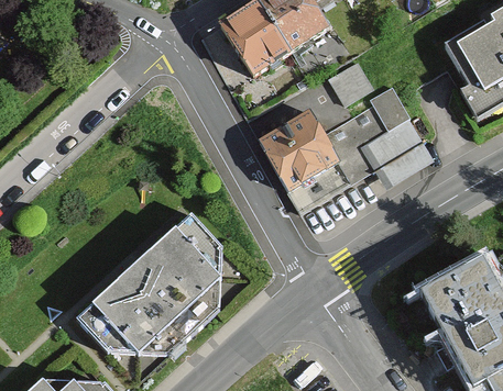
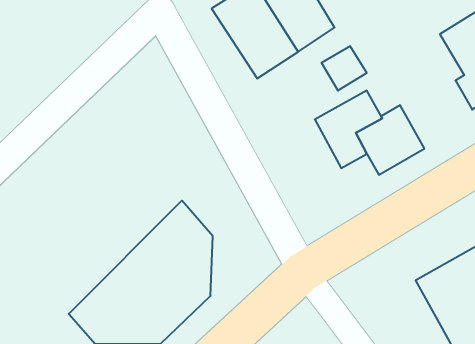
building: [370,81,409,126] -> none
building: [259,110,348,206] -> none

